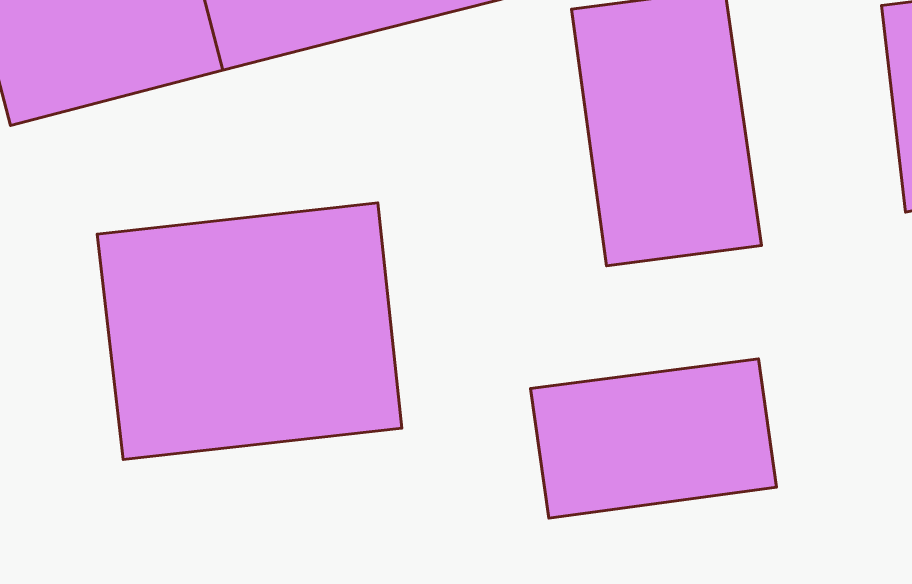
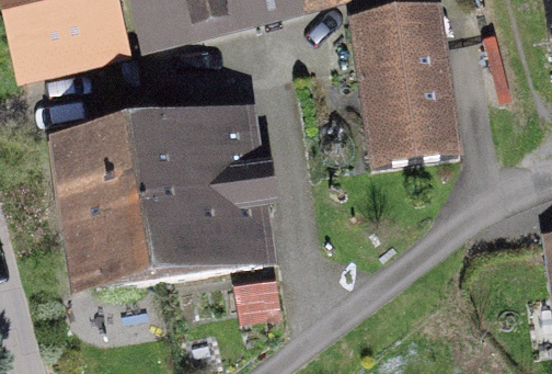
building: [530,359,777,518] -> none

